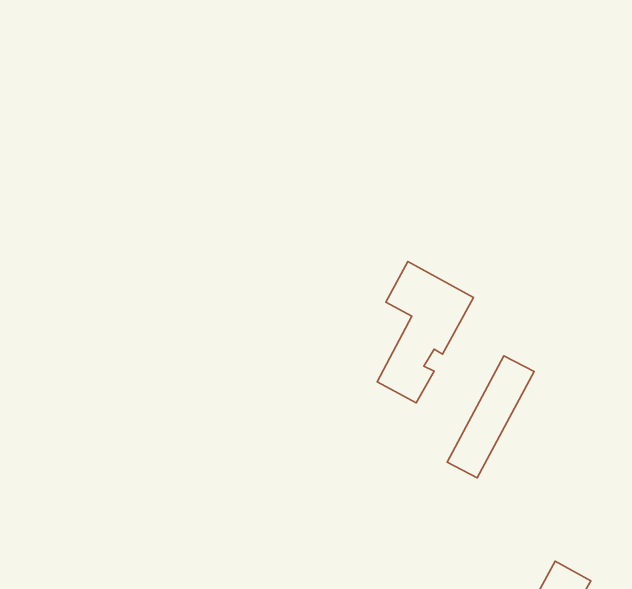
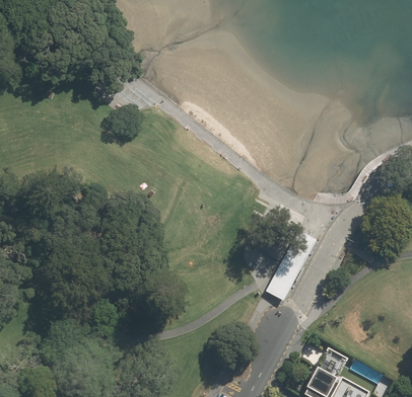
building: [377,262,473,403] -> none

